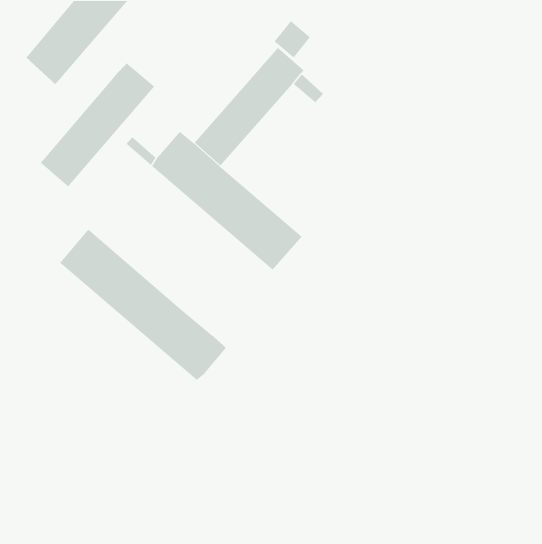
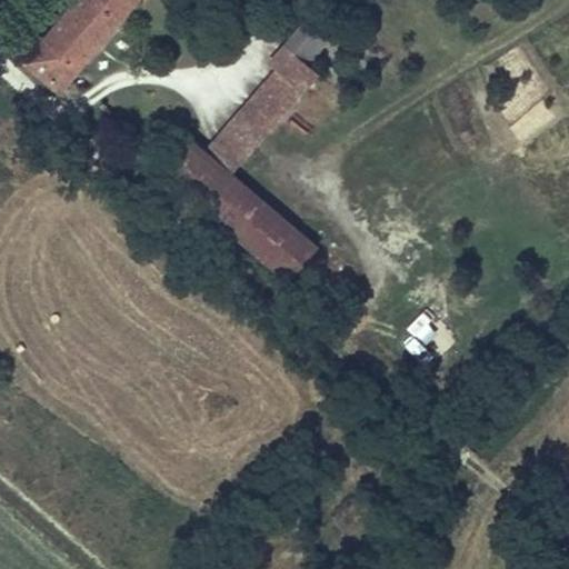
building: [40,62,155,187] -> none
building: [59,229,227,381] -> none

